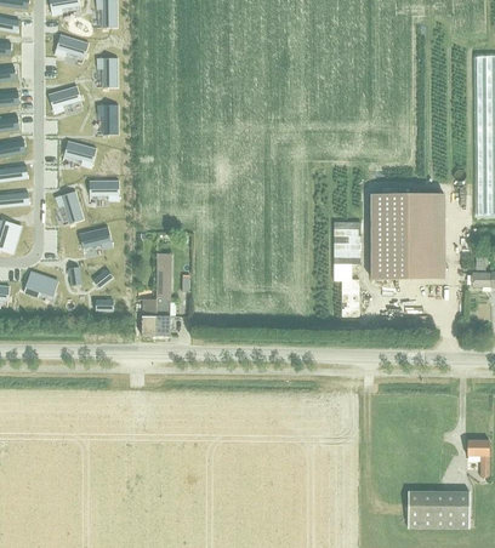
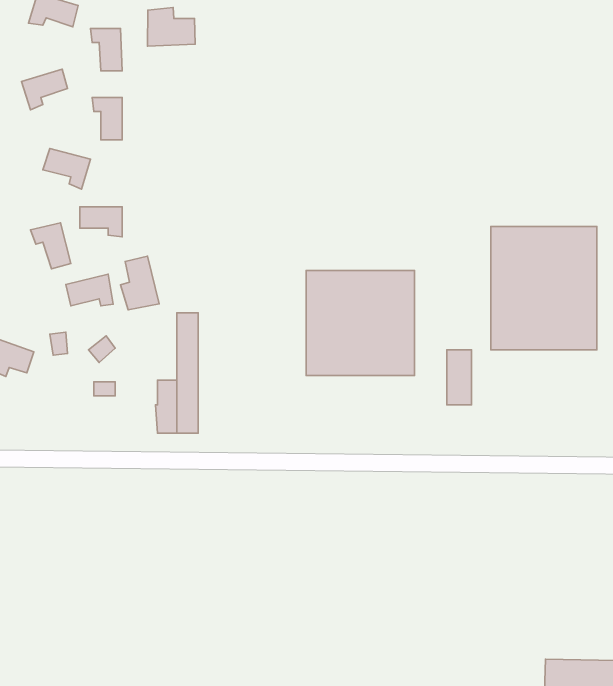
building: none -> [147,7,195,46]
building: none -> [120,256,159,310]
building: none -> [306,271,415,375]

